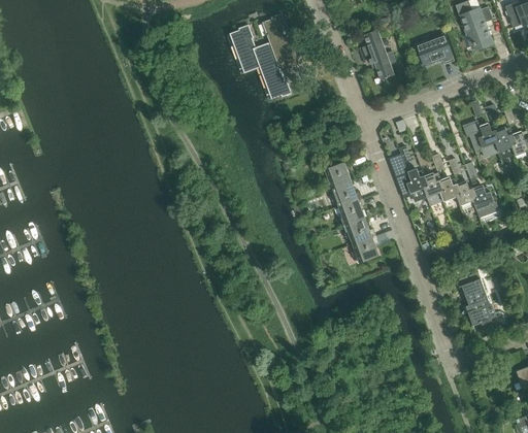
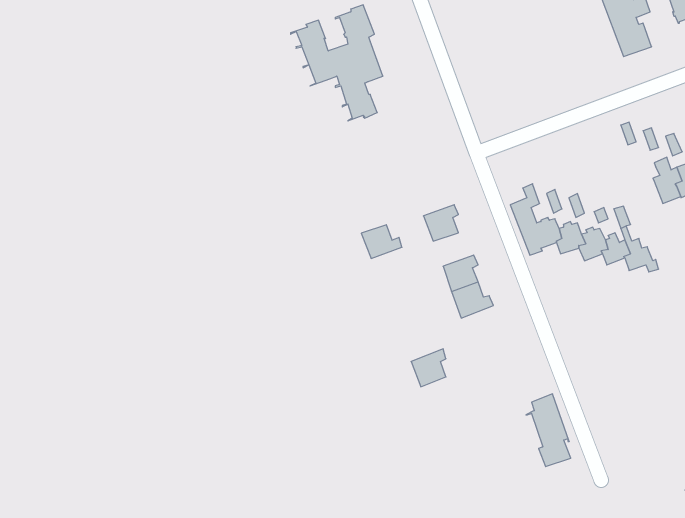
building: [361,29,395,79] -> none
building: [416,33,454,66] -> none
building: [467,124,499,152] -> none
building: [332,181,362,206] -> [361,225,402,258]
building: [353,235,378,263] -> [411,349,446,387]
building: [458,271,491,325] -> [526,394,571,467]

